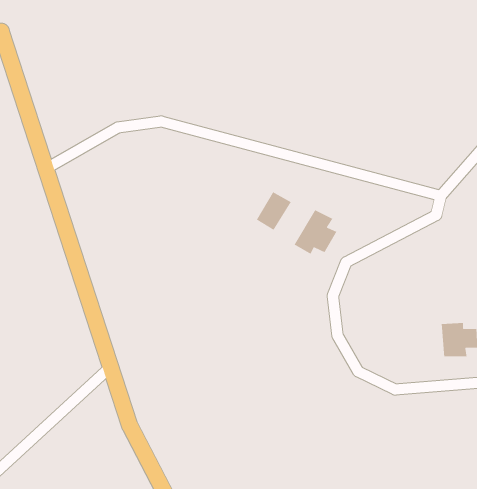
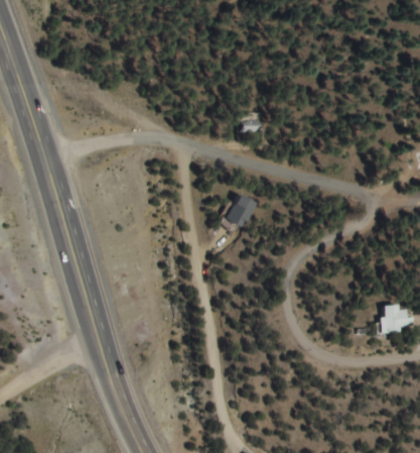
building: [294,209,337,255] -> none

